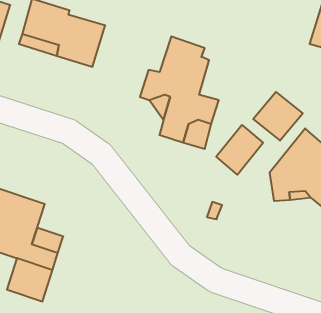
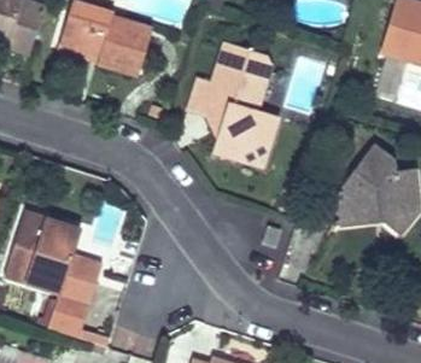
building: [253,92,303,141] -> none
building: [216,125,263,175] -> none

